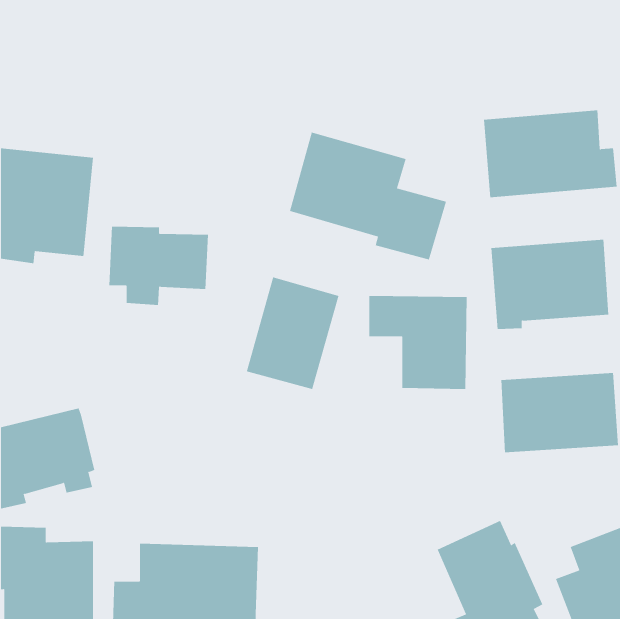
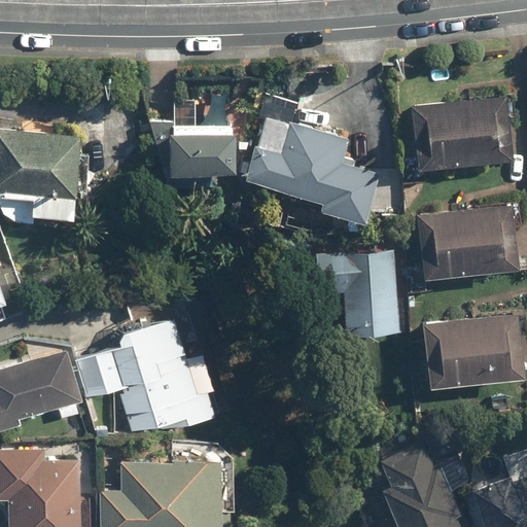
building: [109,226,209,305] -> [152,121,237,188]
building: [246,277,339,390] -> none
building: none -> [77,314,215,434]

